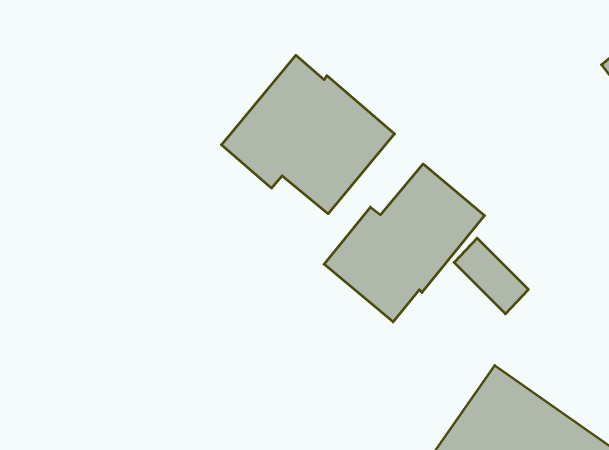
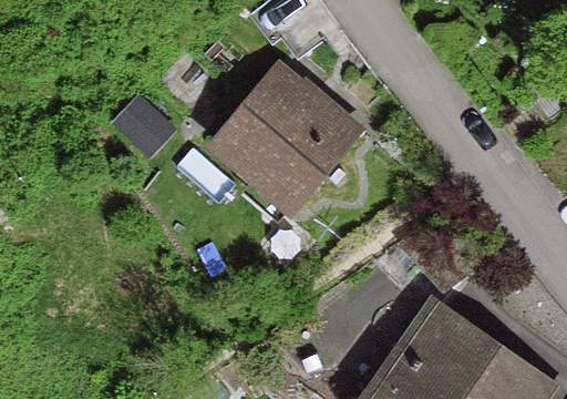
building: [324,164,485,322] -> none

